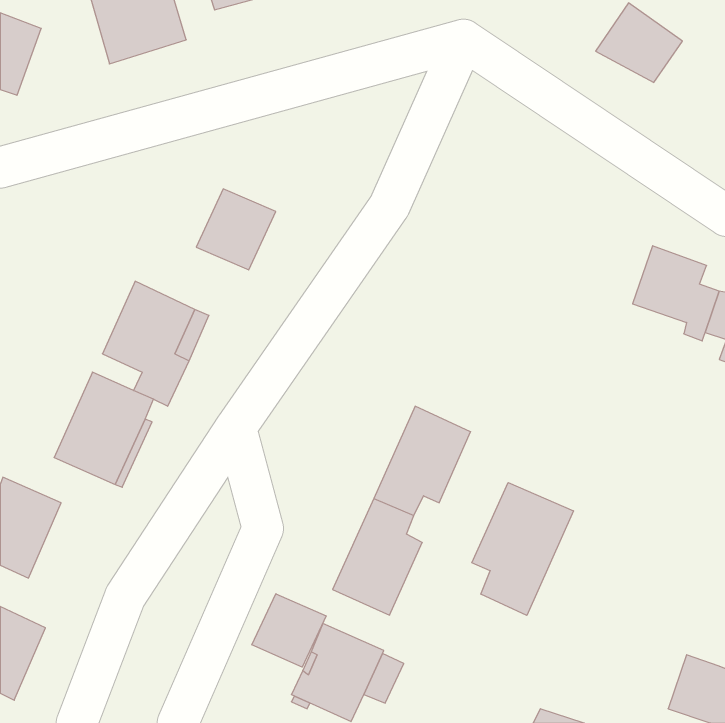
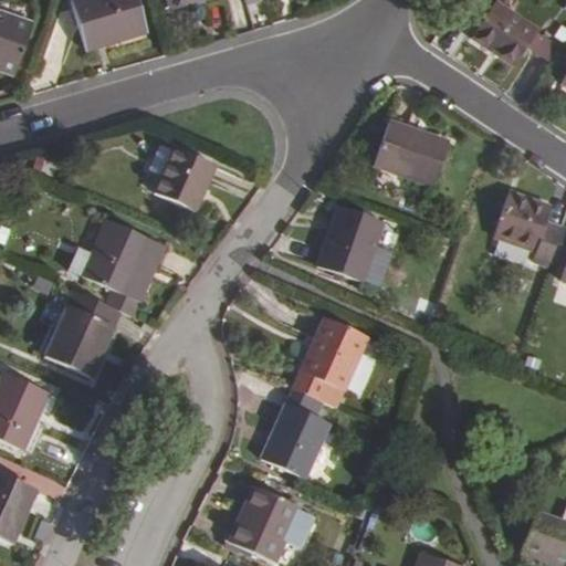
building: none -> [374,122,449,185]
building: none -> [316,206,384,282]
building: [472,483,573,615] -> none
building: [252,594,326,667] -> none

